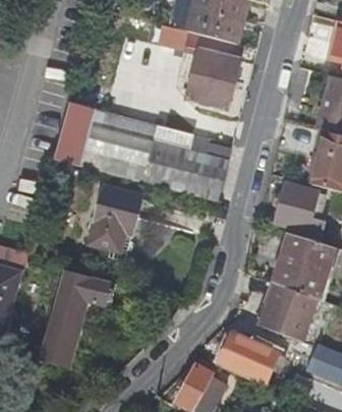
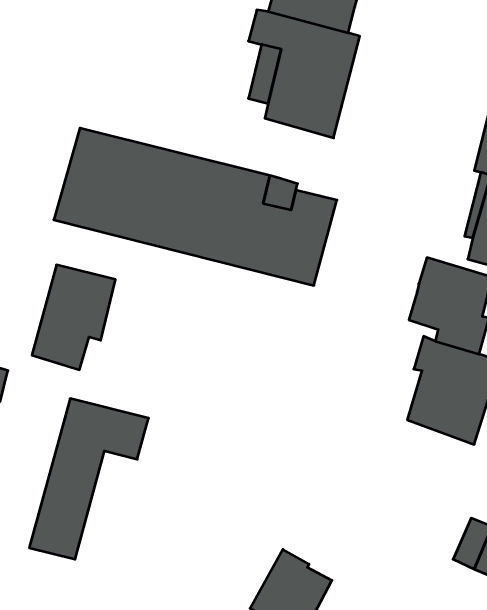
building: [90,185,141,250] -> [32,265,115,370]
building: [258,283,317,341] -> none
building: [217,331,278,386] -> none

